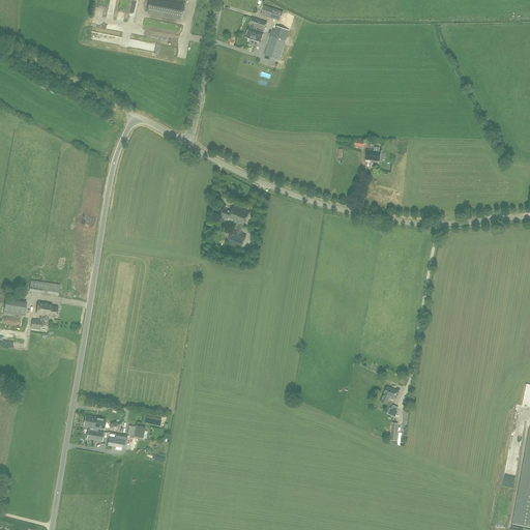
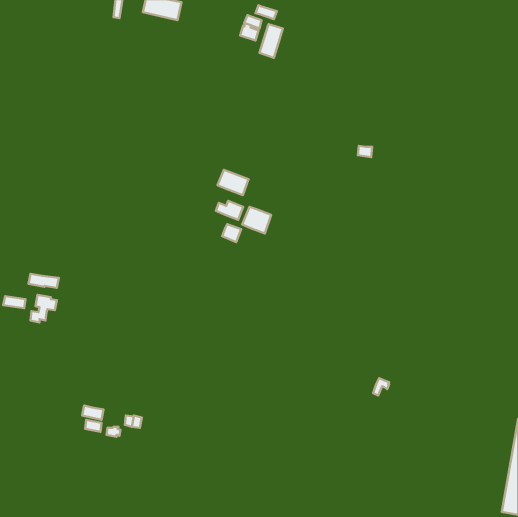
building: none -> [218,170,249,195]
building: none -> [242,207,271,233]

